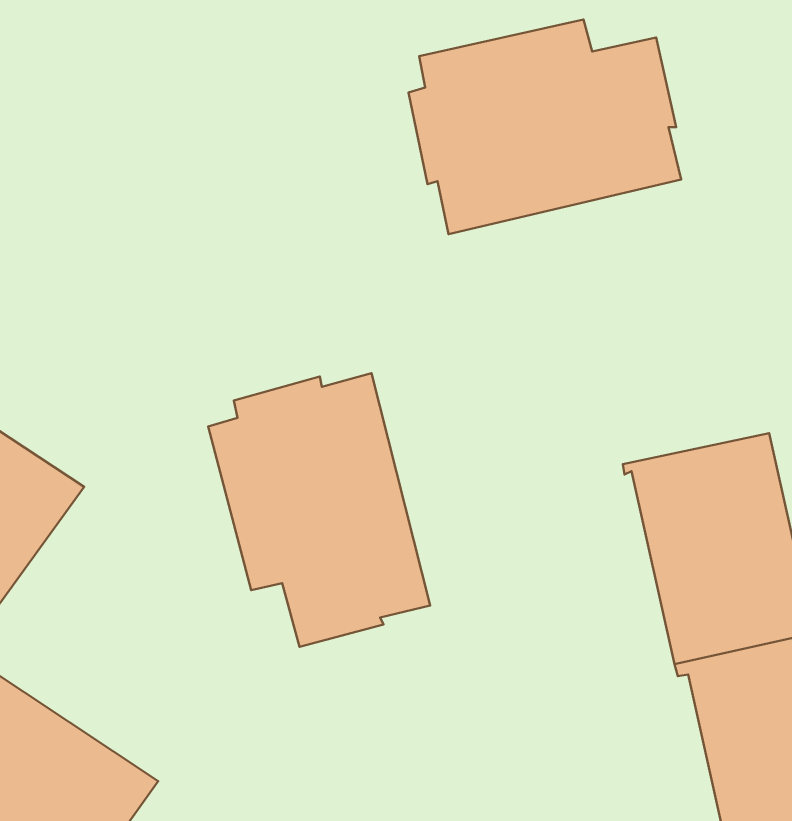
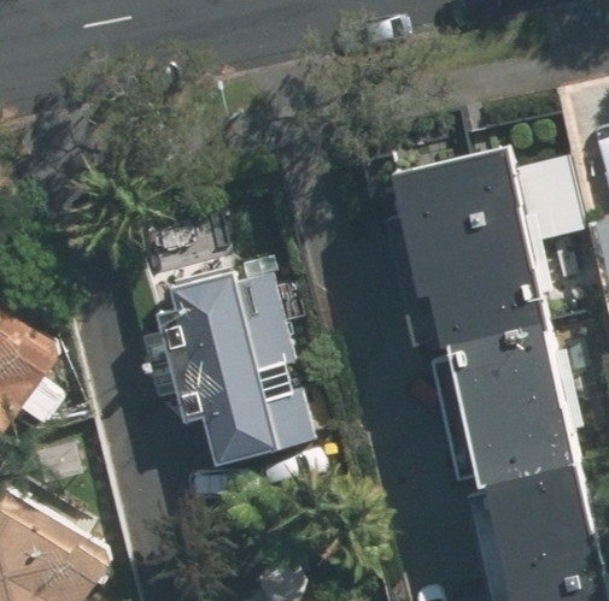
building: [408,19,681,234] -> none
building: none -> [390,145,541,338]

